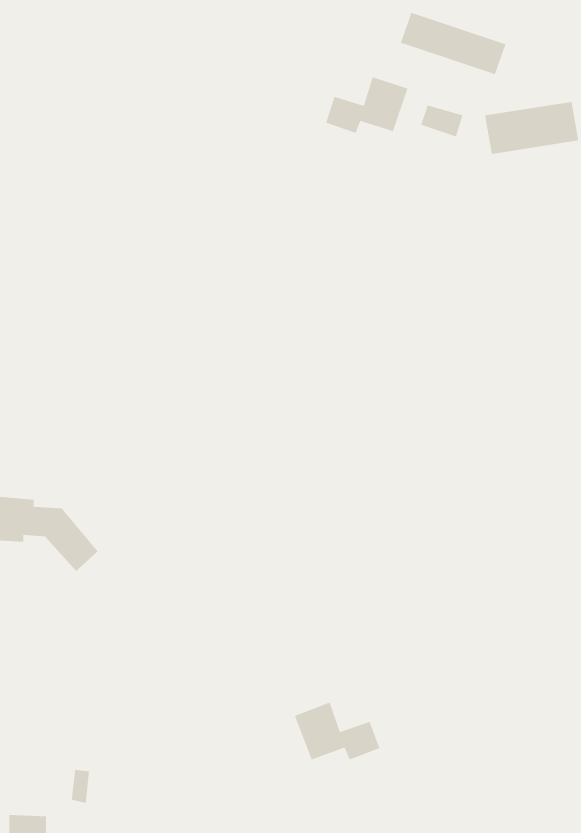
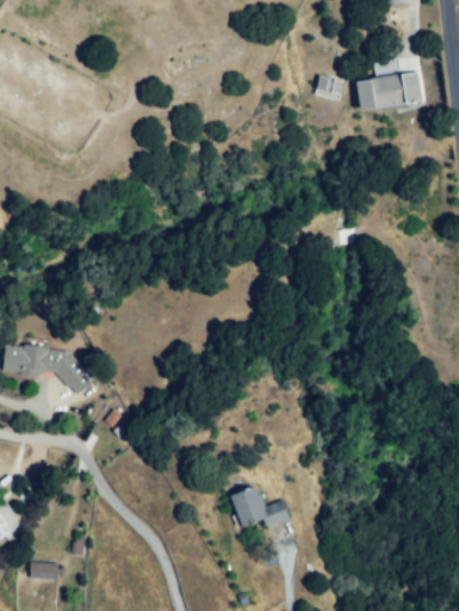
building: [400,12,507,75] -> none
building: [325,76,408,134] -> none

